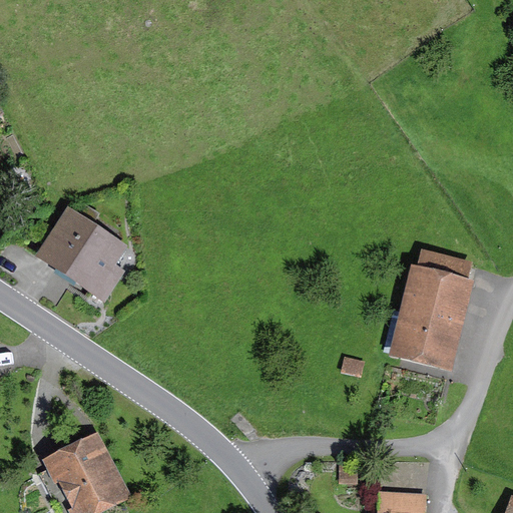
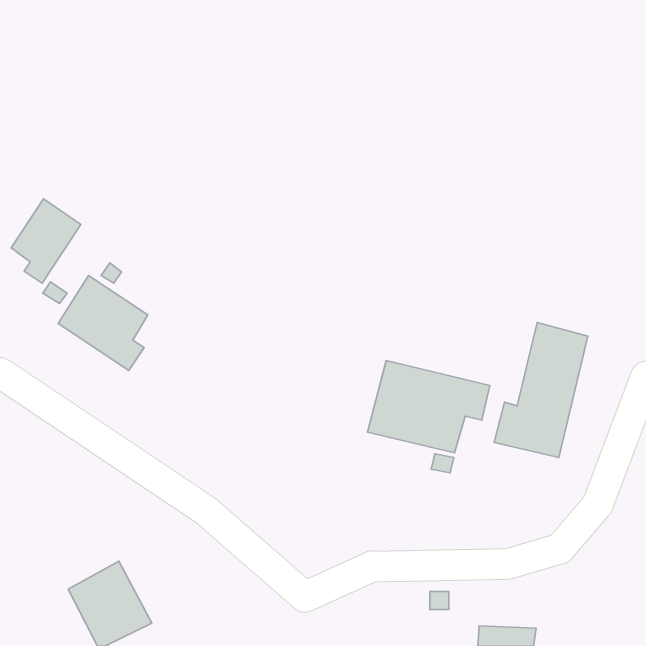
building: none -> [11,199,81,283]
building: none -> [368,361,490,453]

